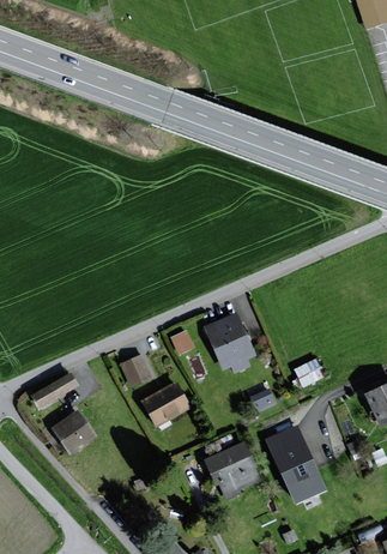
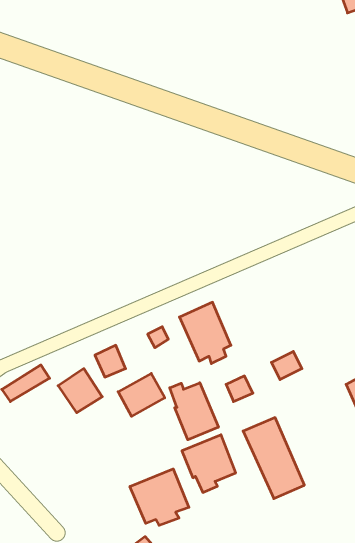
building: none -> [170,383,218,440]
building: [53,410,96,453] -> [58,369,102,413]
building: none -> [130,469,189,525]

